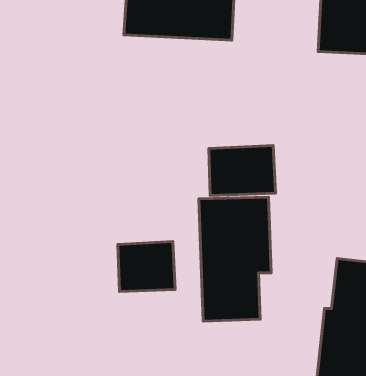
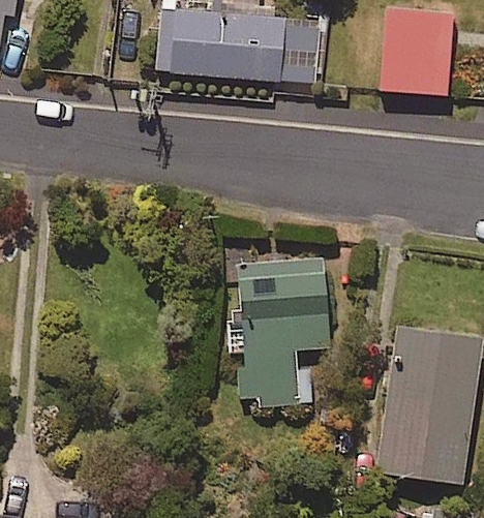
building: [209,145,276,196] -> none
building: [118,242,175,291] -> none

